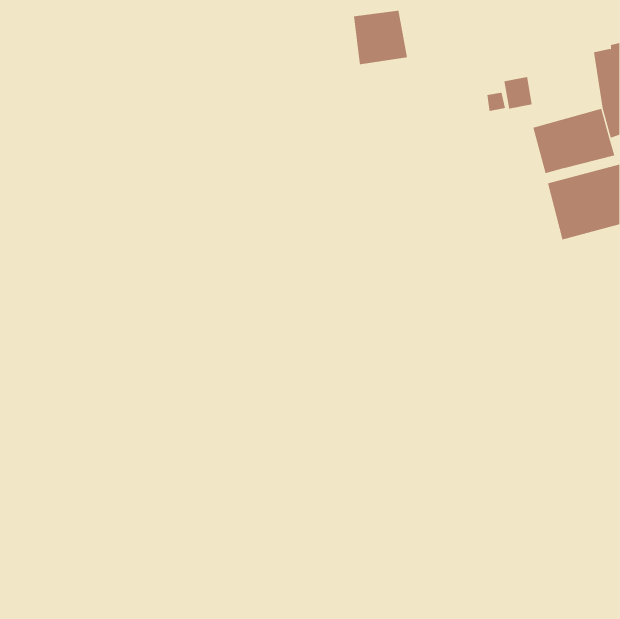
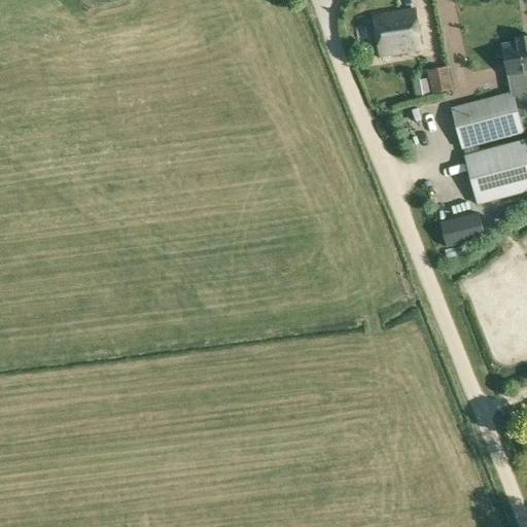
building: [353,10,408,65] -> [375,8,421,55]
building: none -> [441,211,486,248]

